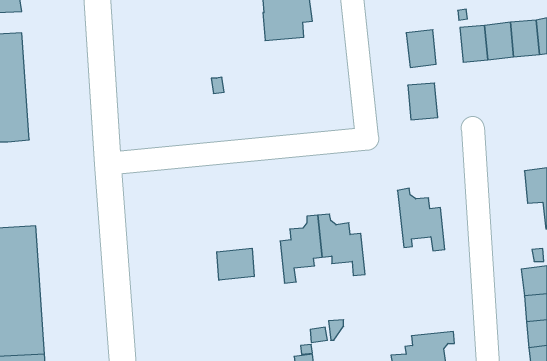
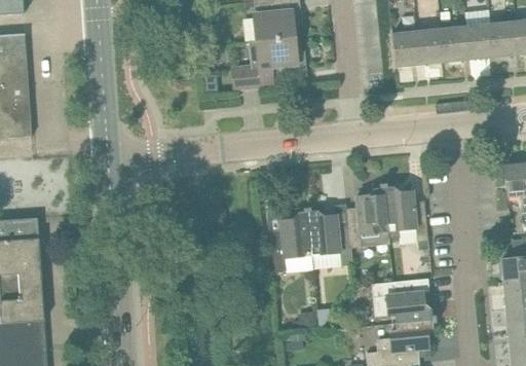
building: none -> [231,38,307,90]
building: [408,83,438,120] -> [416,29,445,64]
building: none -> [345,184,388,264]
building: [217,248,254,280] -> none
building: none -> [371,280,436,323]

